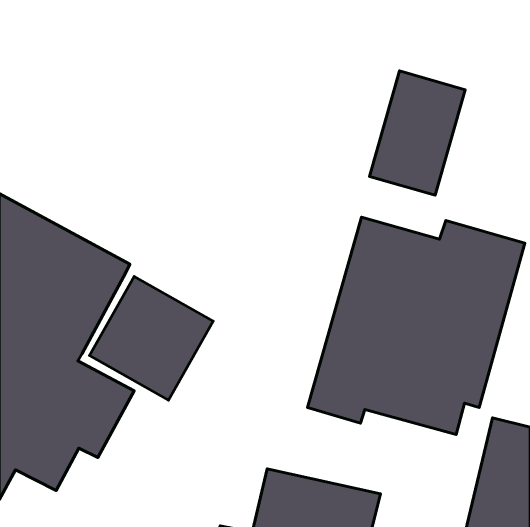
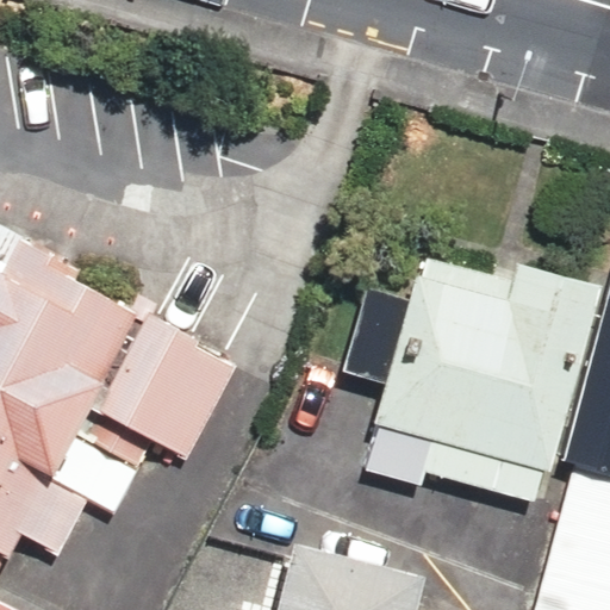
building: [369,71,465,195] -> none

